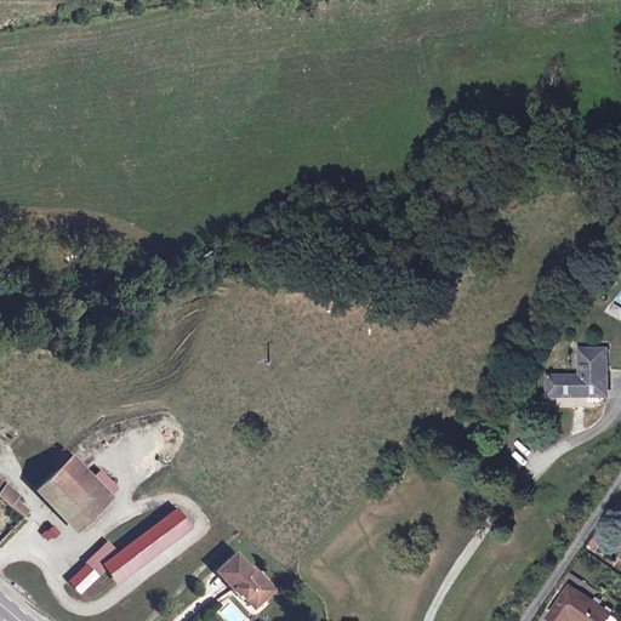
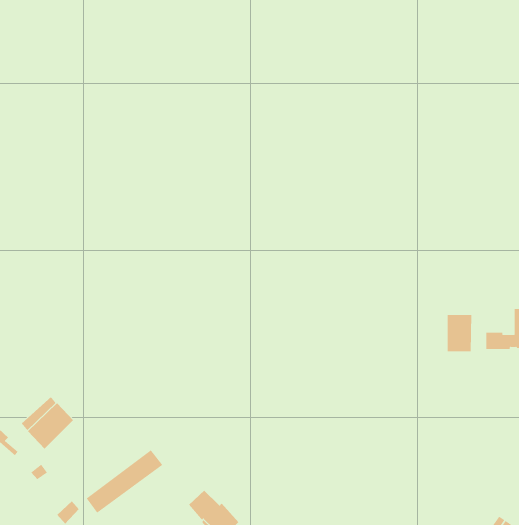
building: none -> [447,314,472,352]
building: [58,475,113,530] -> none

